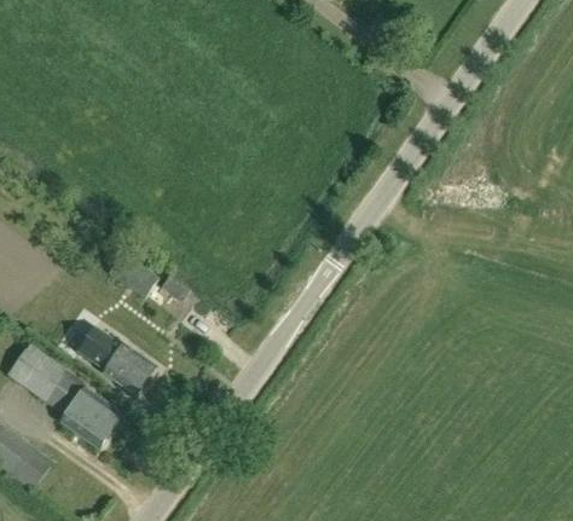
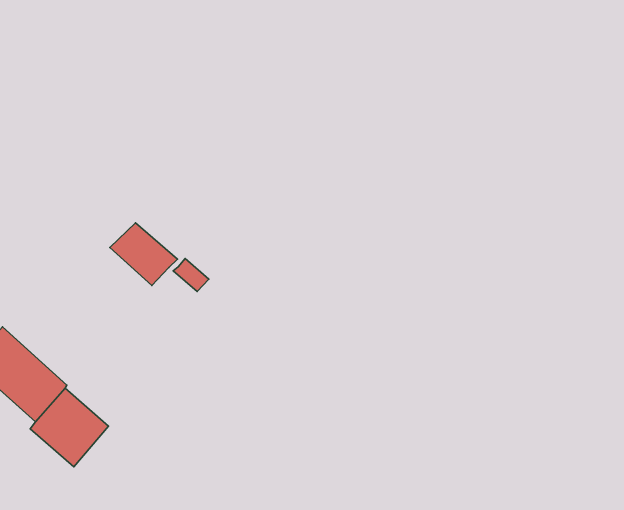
building: [77,325,156,395] -> none

